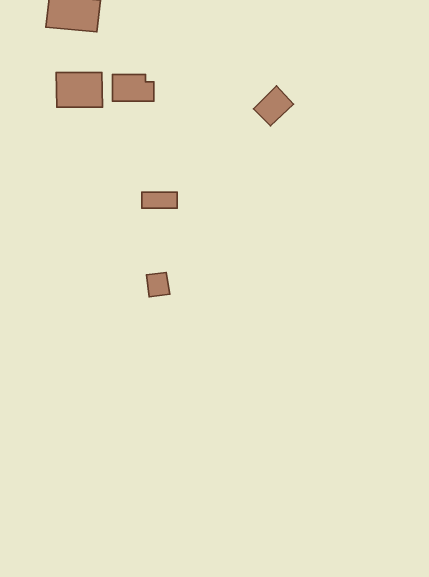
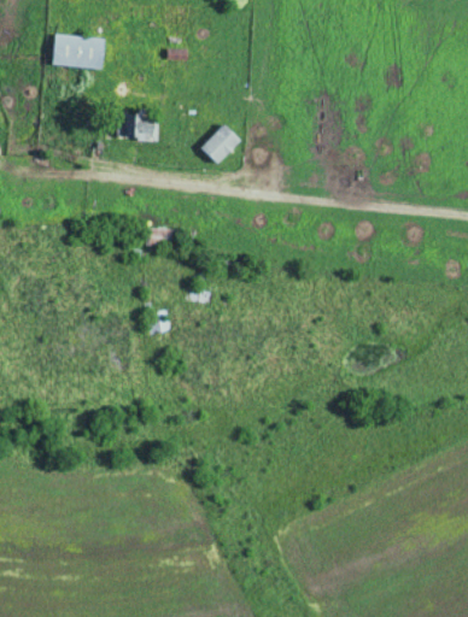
building: [56,73,102,107] -> none
building: [253,86,294,126] -> [200,124,240,164]

